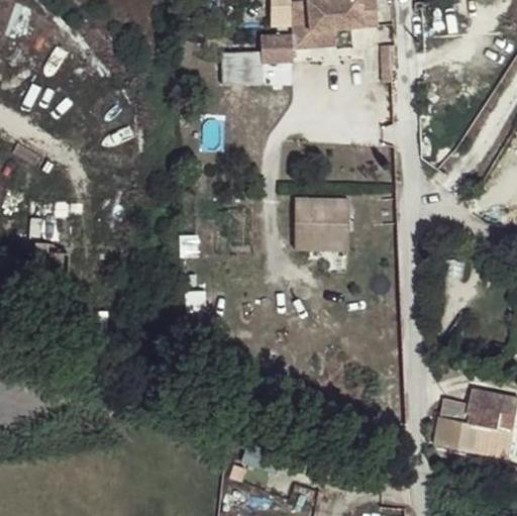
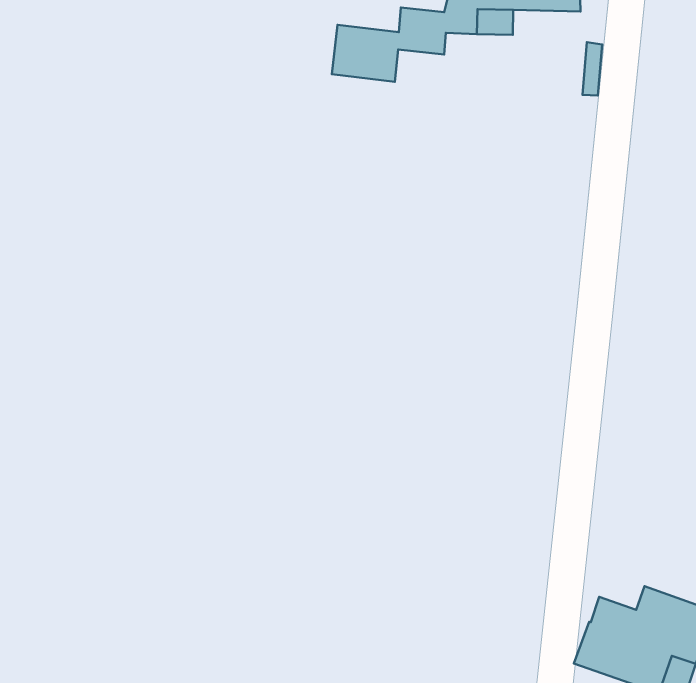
building: [298,198,350,249] -> none

